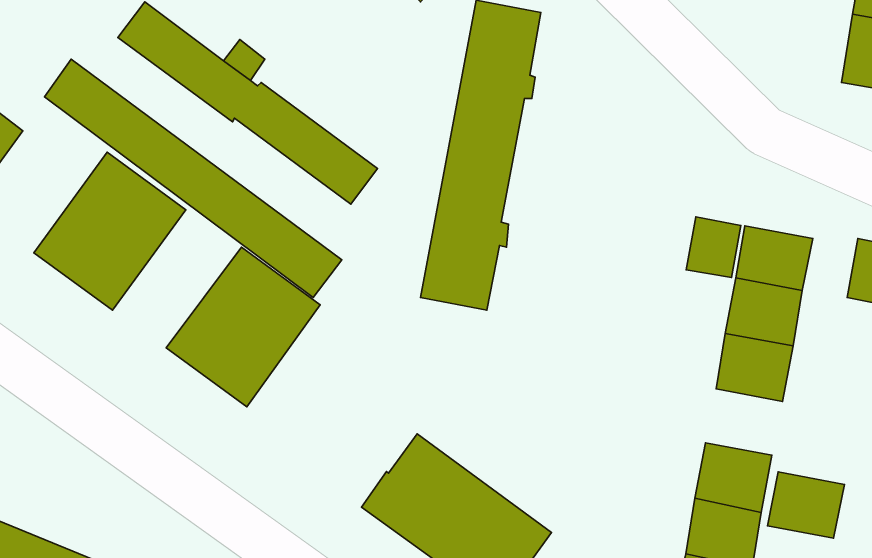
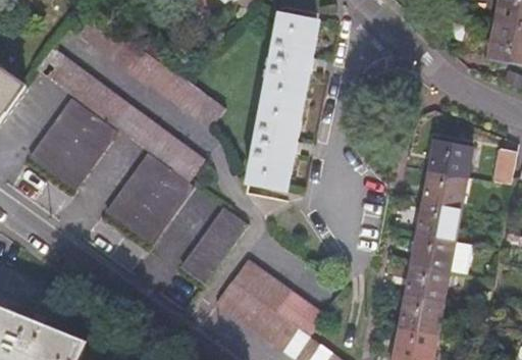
building: [686,217,741,277] -> none
building: none -> [180,208,245,282]
building: [767,472,844,538] -> [411,234,455,271]

